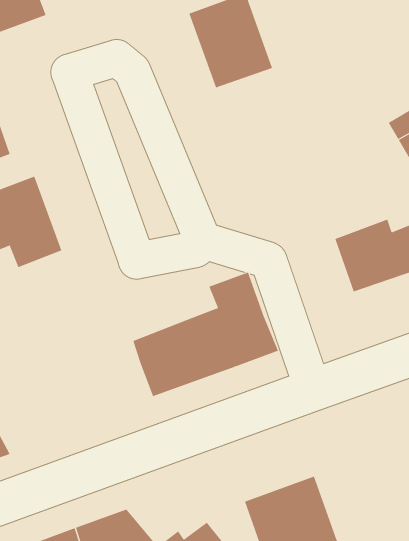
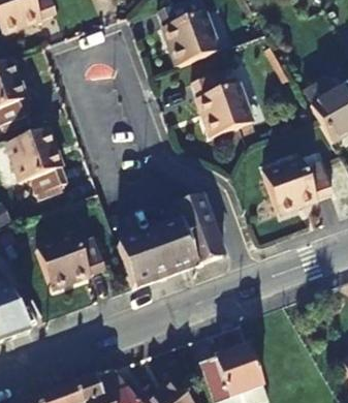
building: none -> [192,69,252,136]
building: none -> [37,236,105,289]

